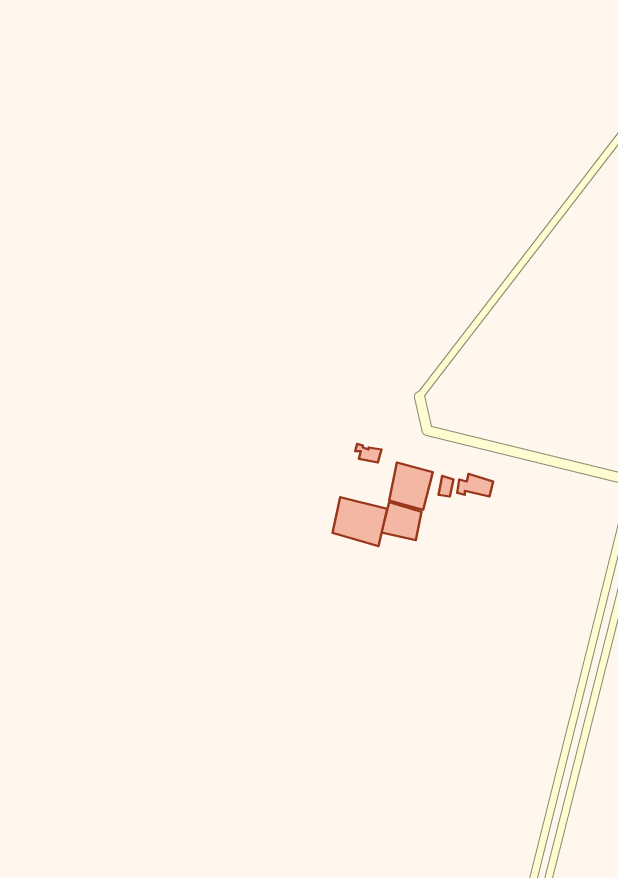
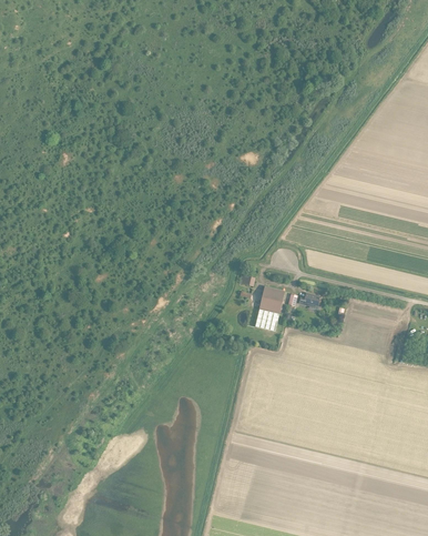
building: [333,497,387,546] -> none

